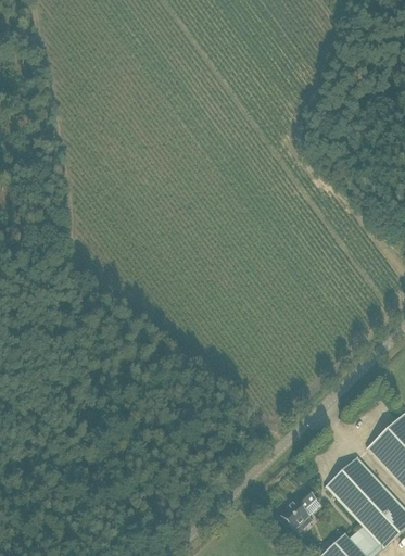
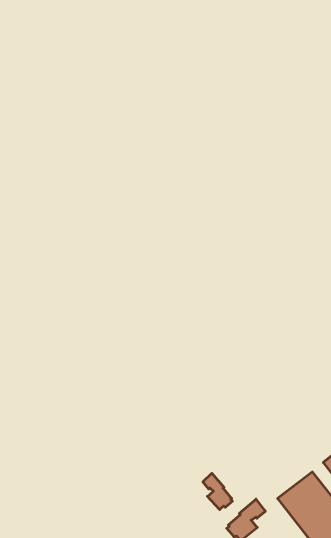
building: none -> [203,473,232,510]

